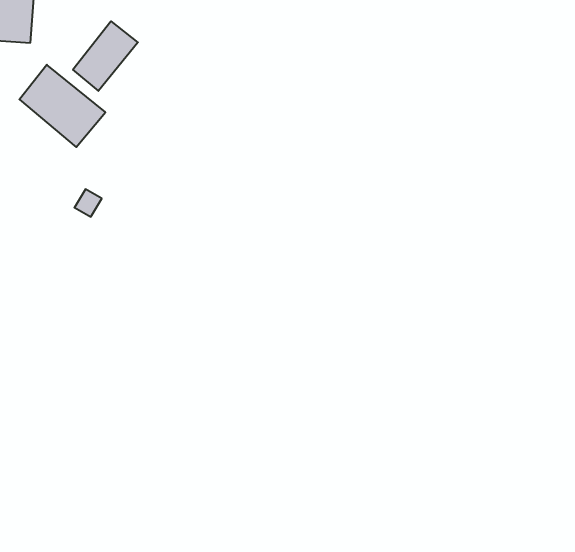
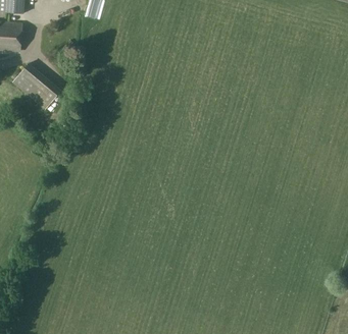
building: [73,21,138,91] -> none

